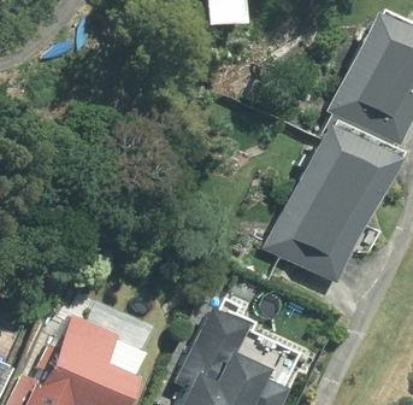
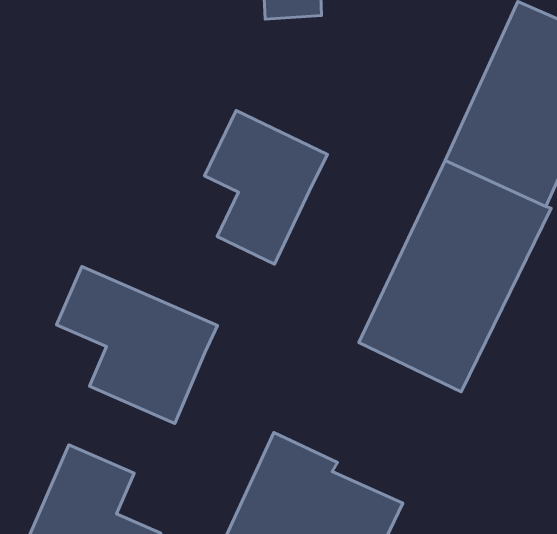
building: none -> [205,110,327,264]
building: none -> [56,266,218,423]

